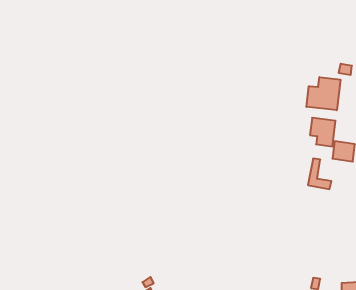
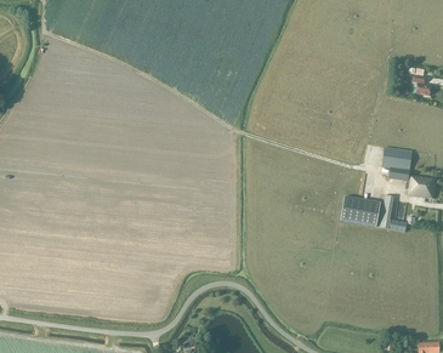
building: [306,77,340,110] -> none
building: none -> [341,195,380,226]

